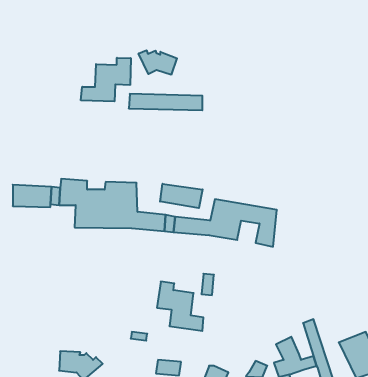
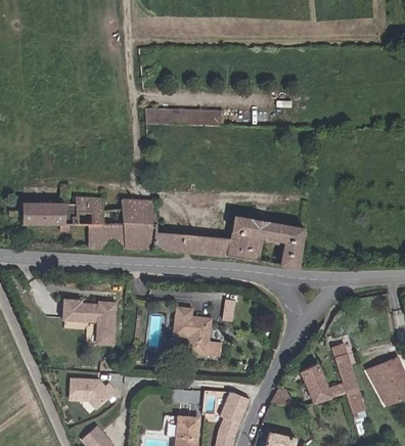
building: [139,50,177,75] -> none
building: [81,58,131,101] -> none
building: [160,184,203,208] -> none
building: none -> [69,299,120,344]

